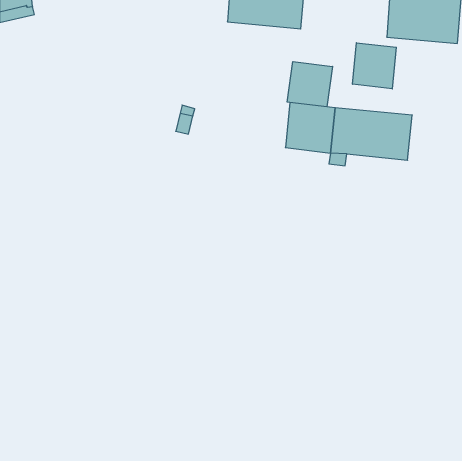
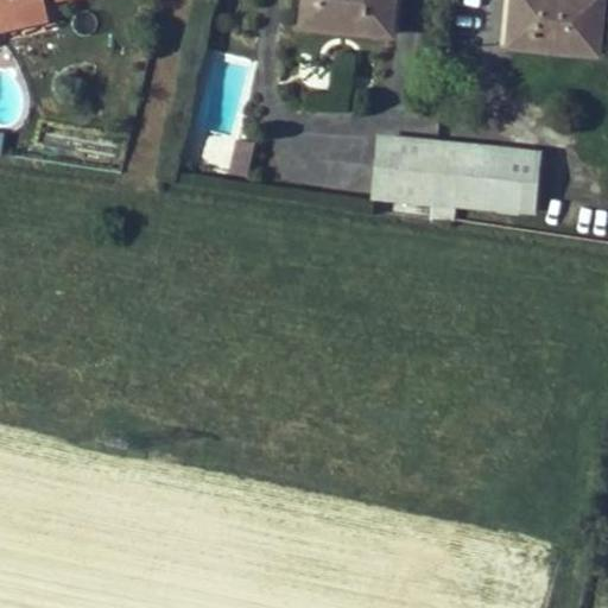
building: [353,43,396,89] -> none
building: [287,62,333,107] -> none

